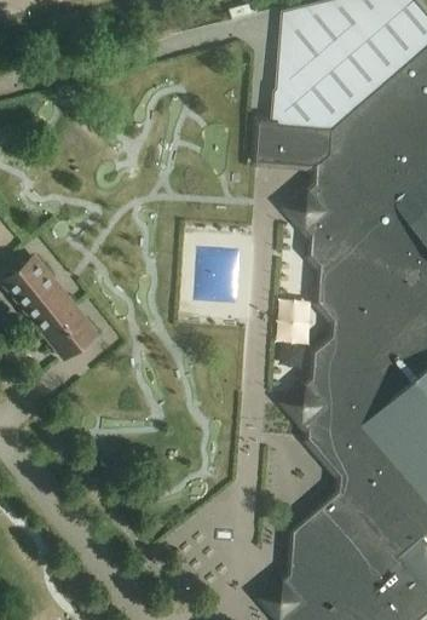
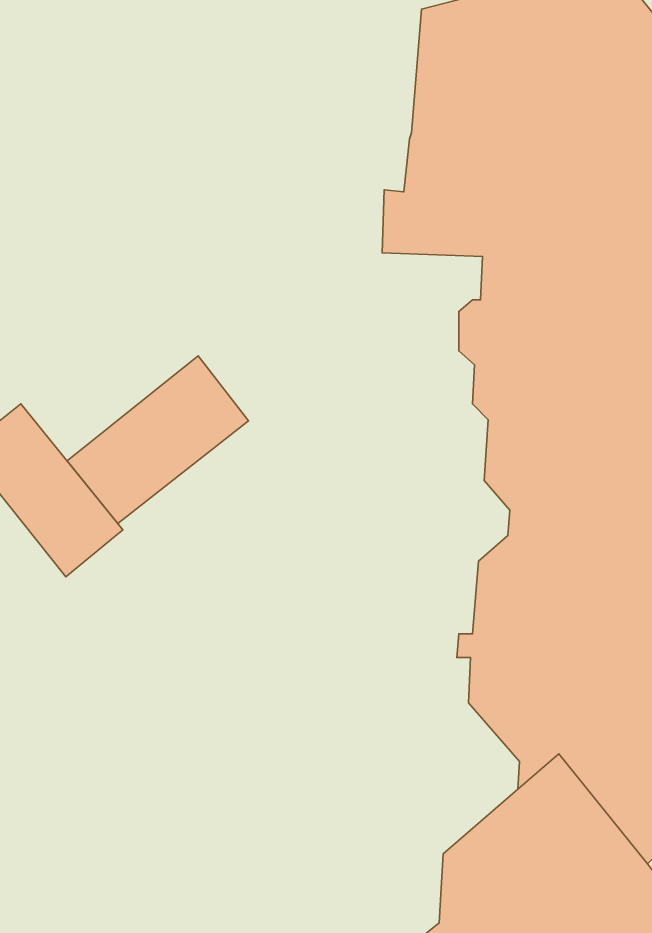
building: none -> [67,356,249,524]

